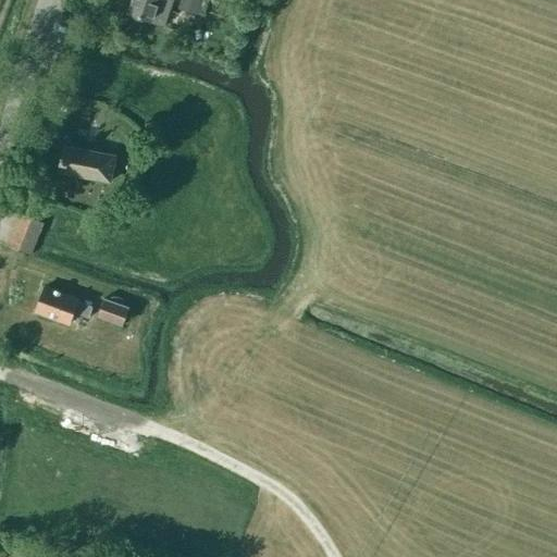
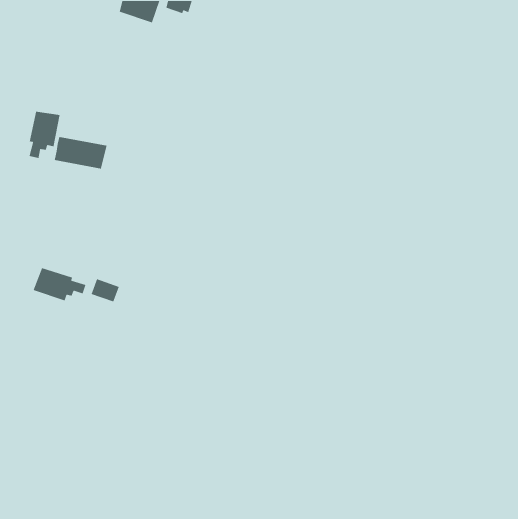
building: none -> [29,111,61,159]
building: [5,212,44,256] -> none

